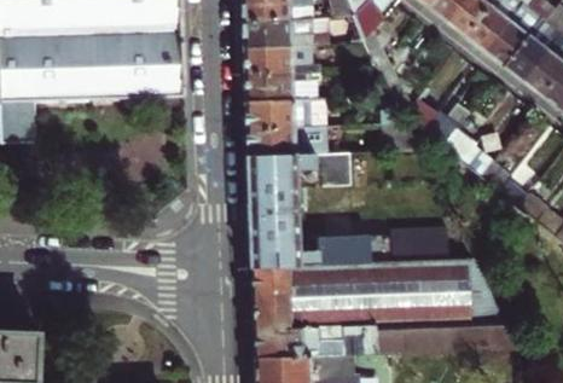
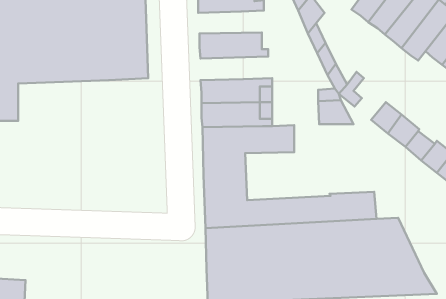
building: [243,16,336,42] -> none
building: [245,69,324,97] -> none

